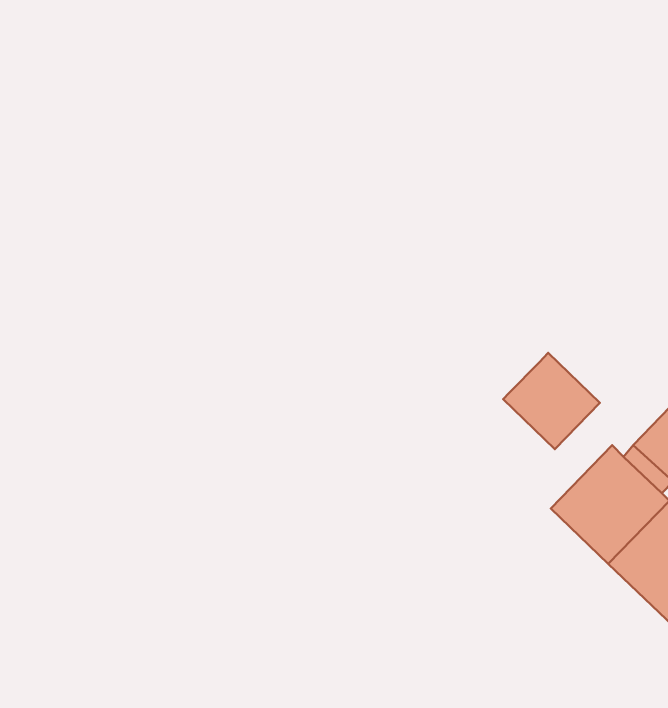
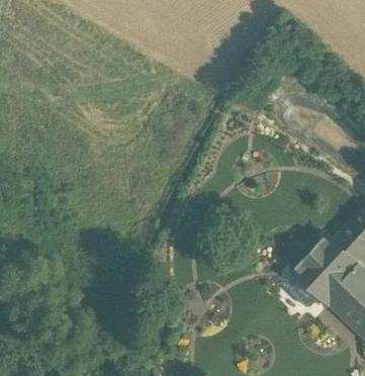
building: [503,353,600,449] -> none

